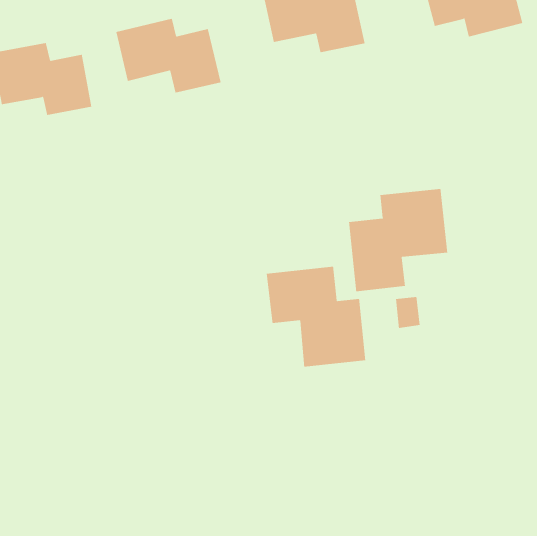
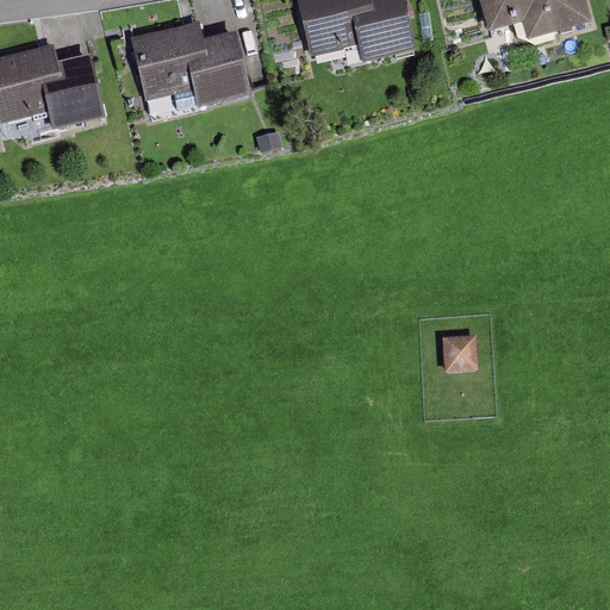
building: [348,188,448,292] -> none
building: [266,266,366,367] -> none

